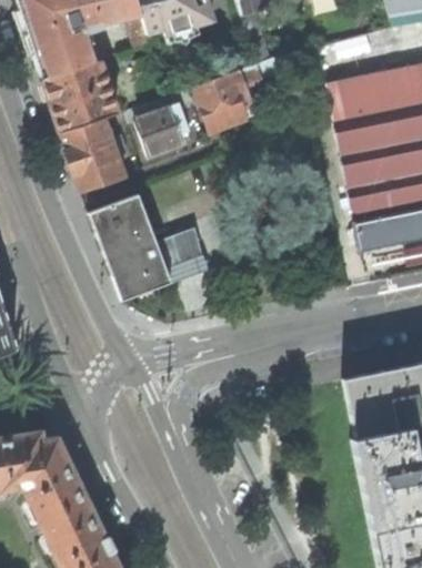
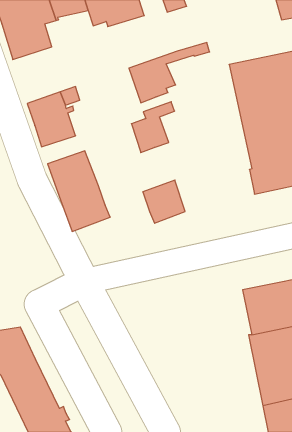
building: [43,59,119,133] -> none
building: [137,92,193,159] -> [131,102,175,153]
building: [155,229,211,285] -> [143,180,185,223]

